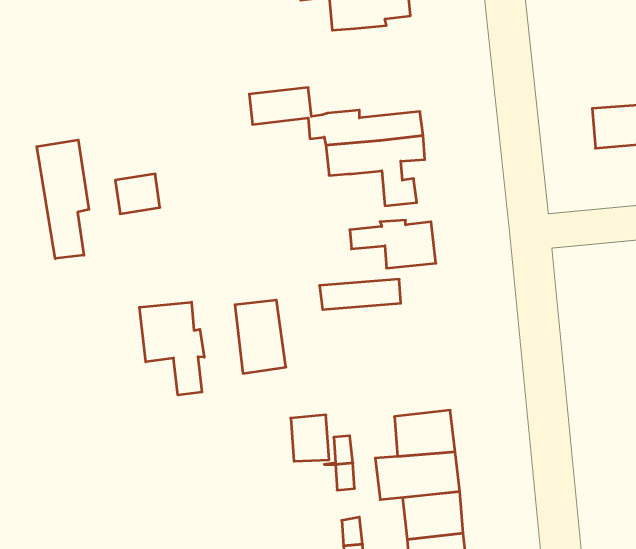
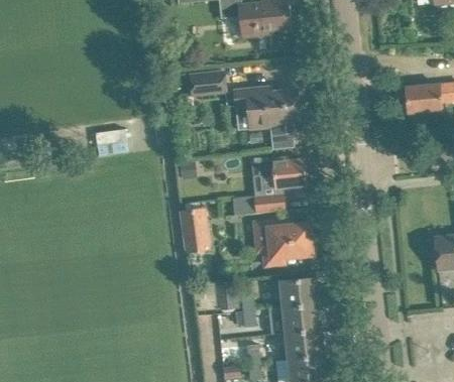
building: [37,140,89,259] -> none
building: [139,302,204,395] -> none
building: none -> [252,219,313,266]

